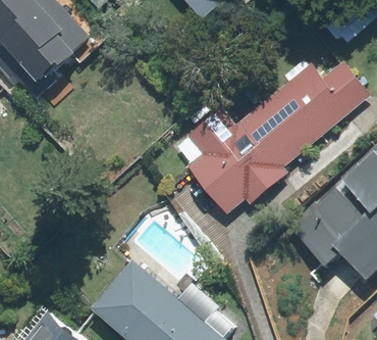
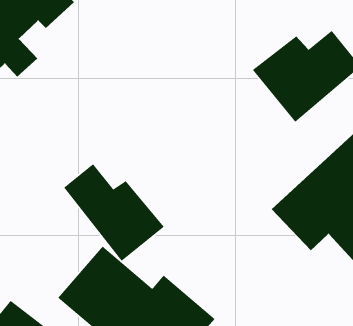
building: [187,98,309,211] -> none
building: none -> [63,163,165,262]

